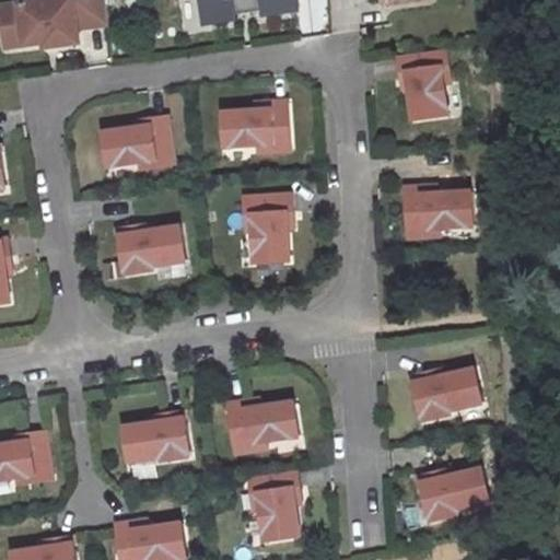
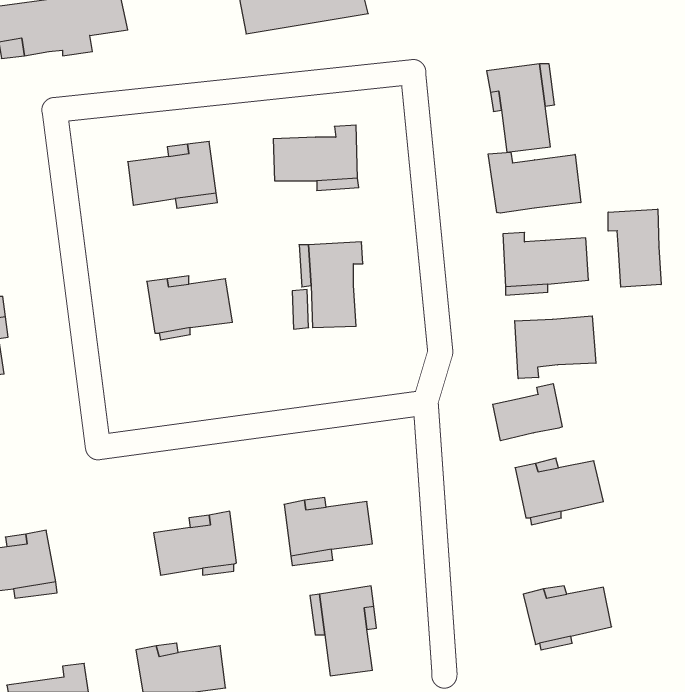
building: none -> [488,152,581,213]
building: none -> [608,209,661,287]
building: none -> [515,316,596,379]
building: none -> [493,384,562,441]

